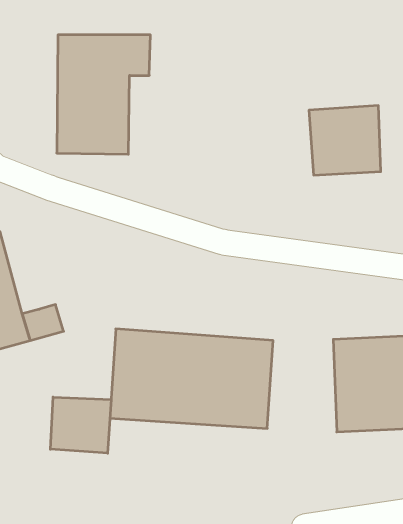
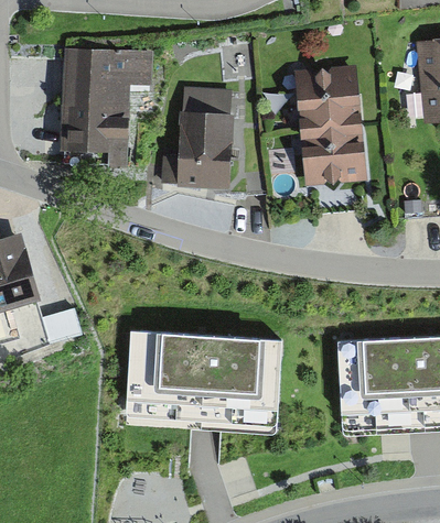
building: none -> [307,63,377,121]
building: none -> [159,85,229,187]
building: [50,397,111,453] -> none

